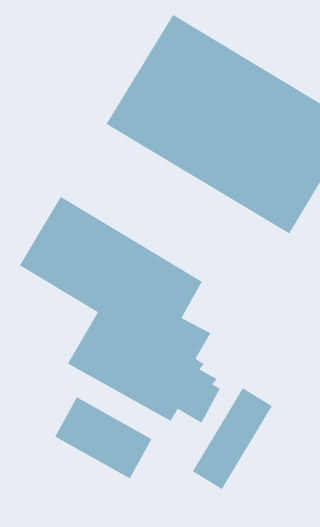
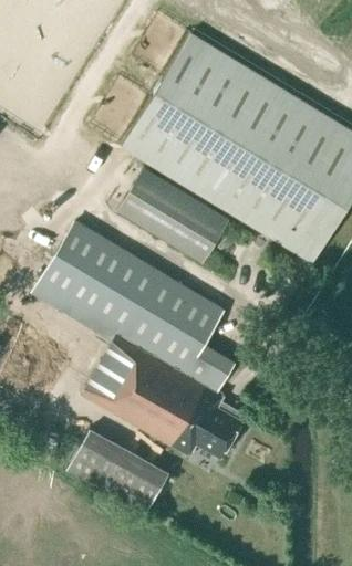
building: none -> [117,168,231,264]
building: [192,387,273,490] -> none

